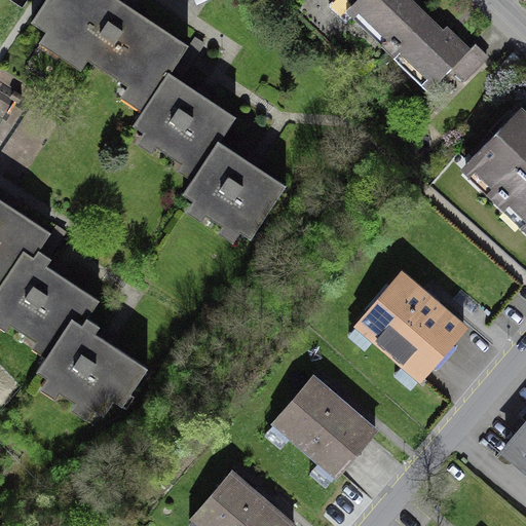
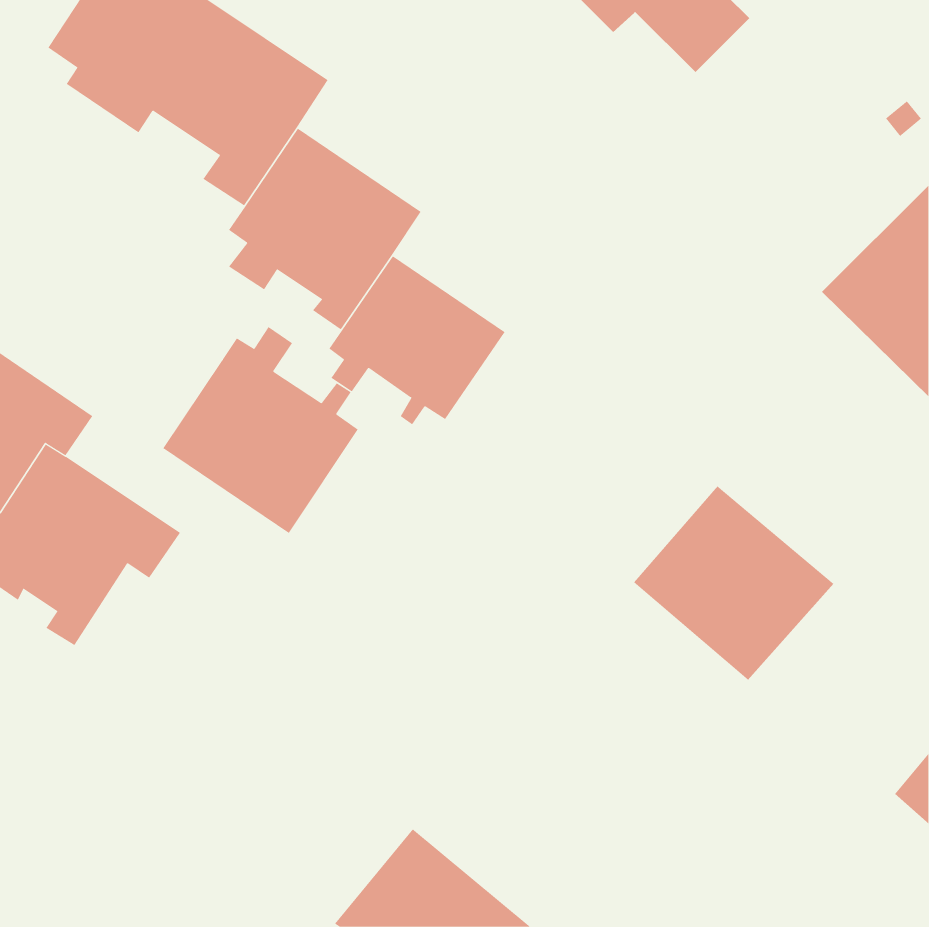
building: [391,10,484,86] -> none
building: none -> [163,326,358,534]
building: [36,317,152,431] -> none
building: [274,379,378,480] -> none

